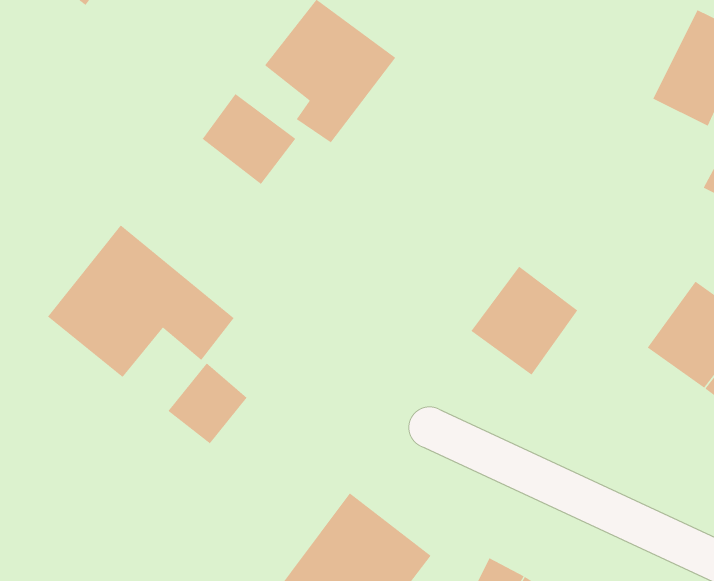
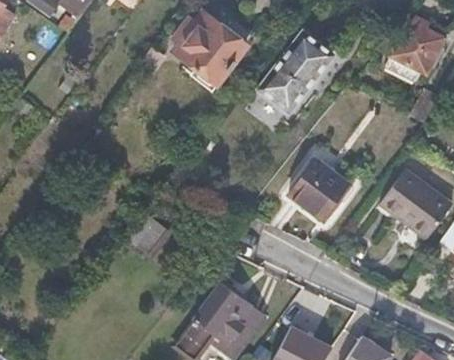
building: none -> [252,28,334,115]
building: [202,93,296,185] -> none
building: [47,224,234,378] -> none

